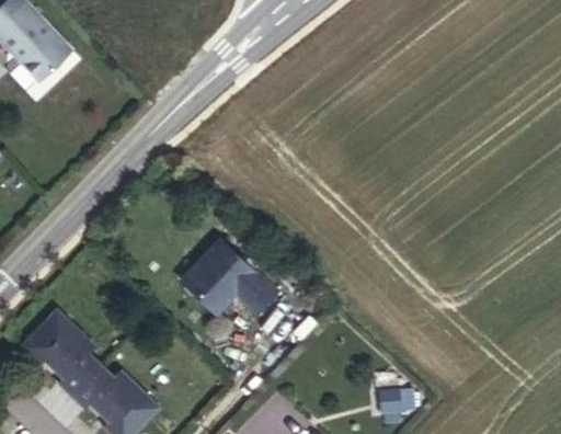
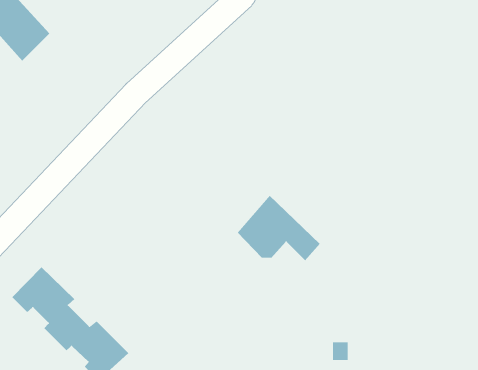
building: [182,239,277,315] -> [237,195,321,261]

